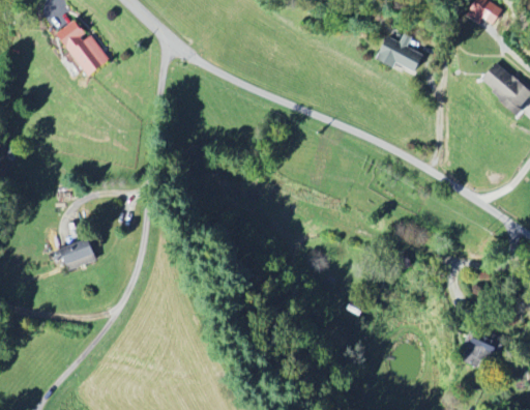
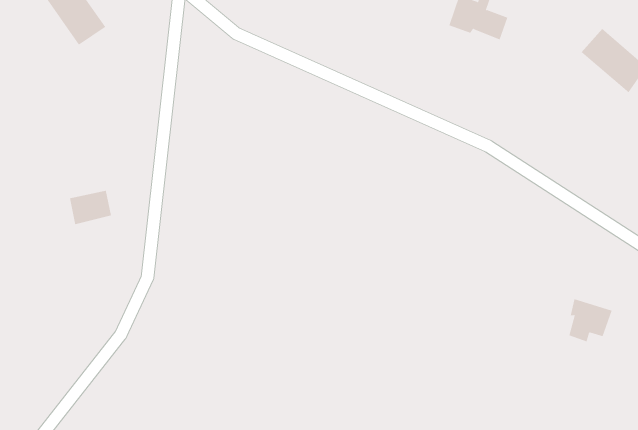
building: [63,239,96,266] -> [69,190,112,225]
building: [463,332,497,367] -> [569,298,612,342]

